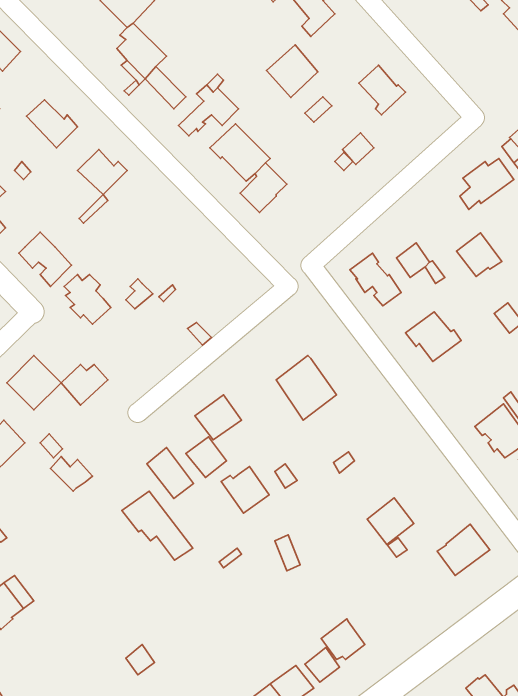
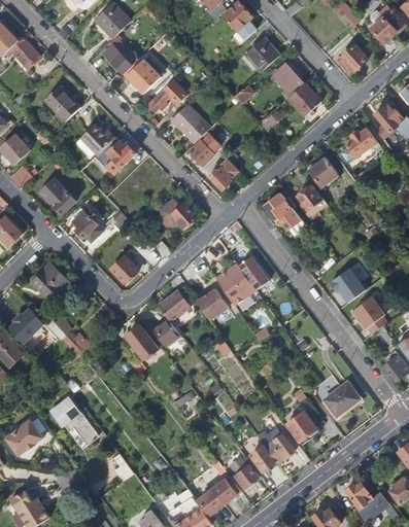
building: none -> [337,44,368,71]
building: [267,45,318,98] -> [245,37,280,73]
building: none -> [287,82,321,117]
building: none -> [106,138,136,166]
building: none -> [209,157,238,189]
building: [457,233,502,277] -> [309,156,340,186]
building: none -> [160,196,198,226]
building: [406,312,461,362] -> [330,268,368,302]
building: none -> [239,255,270,289]
building: [61,365,108,405] -> [110,253,142,281]
building: [221,466,269,513] -> [195,289,228,321]
building: [122,491,193,560] -> [48,397,97,445]
building: [367,498,414,545] -> [284,409,316,441]
building: none -> [257,429,294,461]

